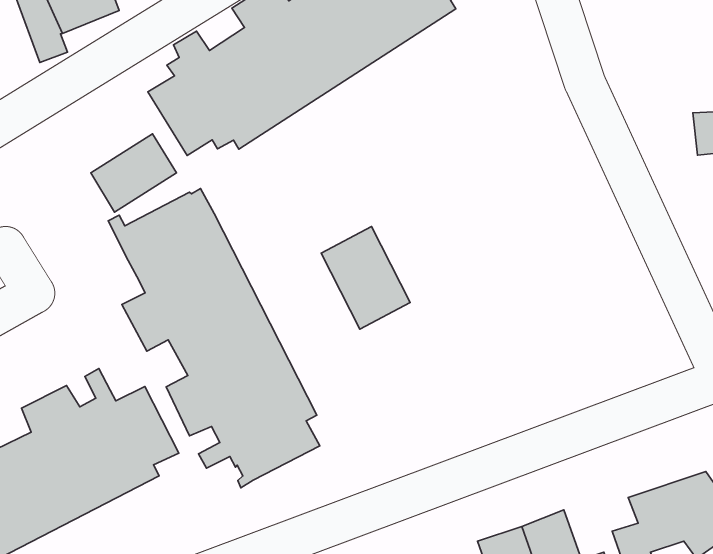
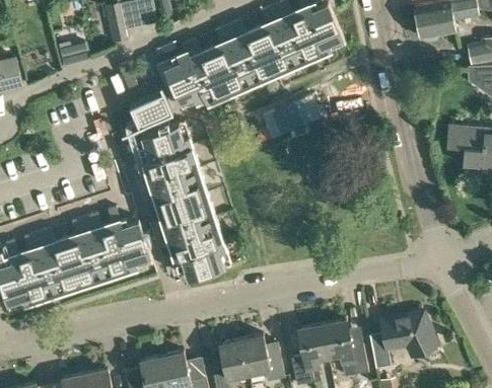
building: [321,227,410,329] -> none

